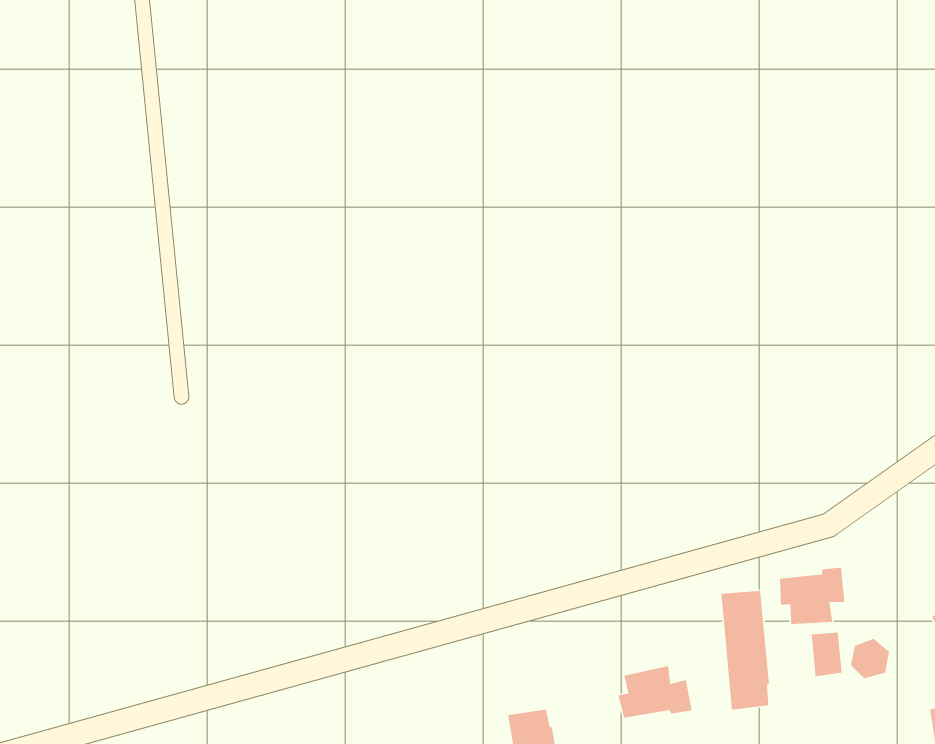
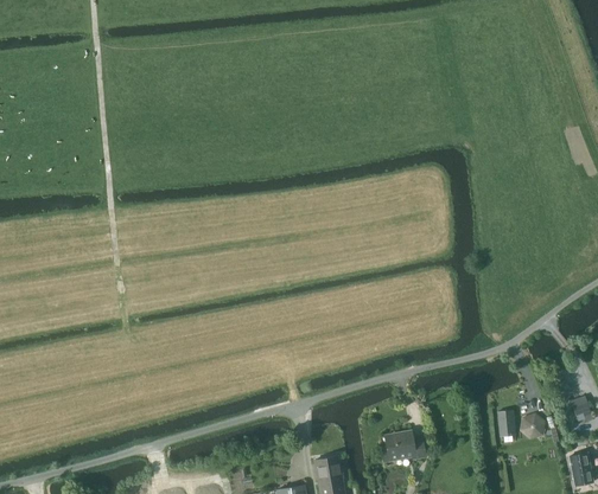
building: [779,567,845,625] -> none
building: [720,590,770,711] -> none

